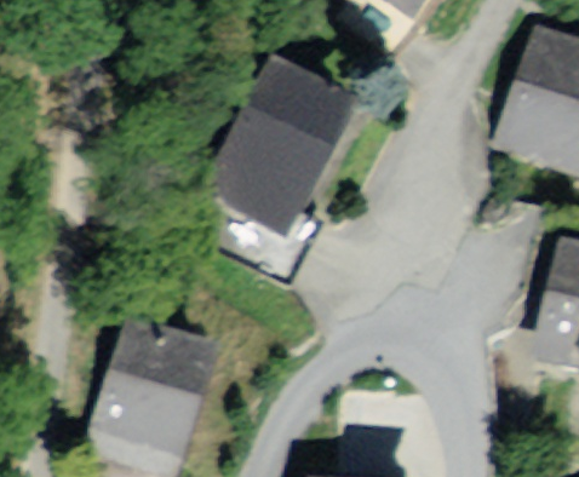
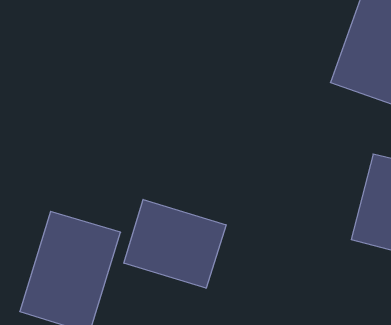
building: [202,58,365,245] -> none
building: none -> [124,199,226,288]

